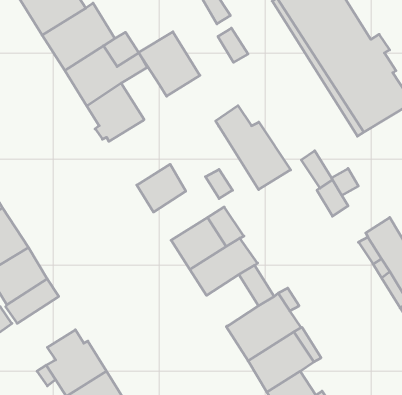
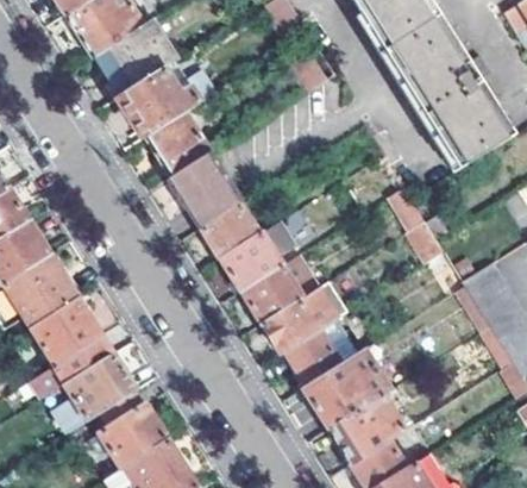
building: [139,32,200,96] -> [170,154,240,227]
building: [216,106,291,190] -> none
building: none -> [221,232,283,290]
building: none -> [282,330,341,388]
building: none -> [52,355,136,434]

